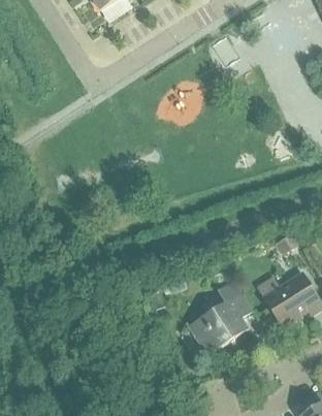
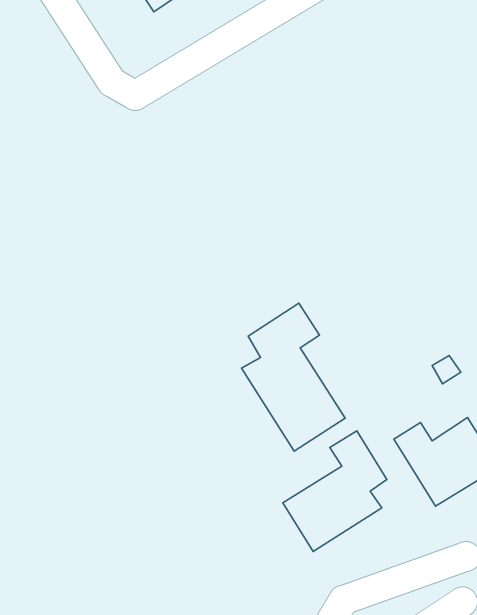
building: none -> [242,303,345,451]

